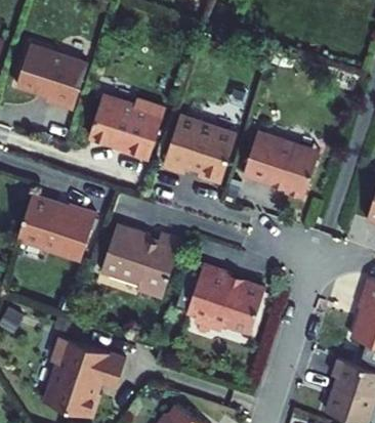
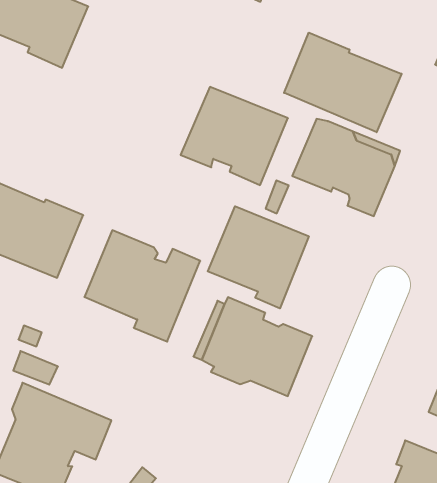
building: none -> [284,33,402,132]
building: [89,95,165,161] -> none
building: none -> [208,206,309,308]

